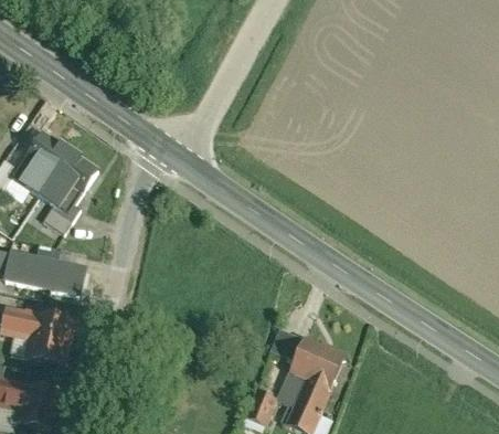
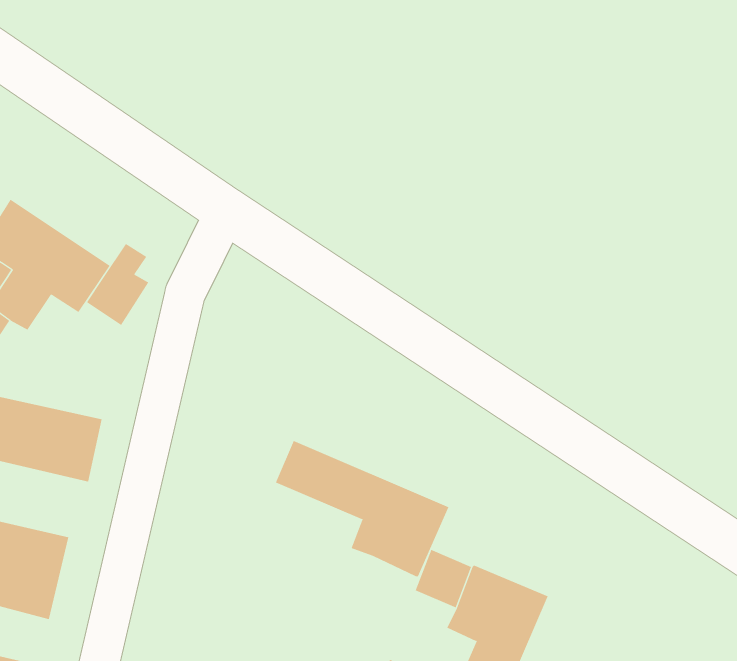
building: [43,186,78,232] -> [86,243,149,326]
building: none -> [275,440,449,577]

